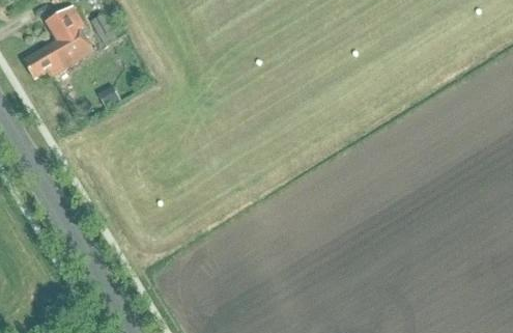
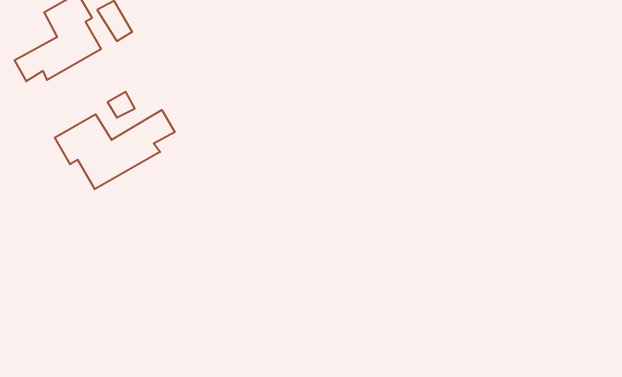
building: none -> [55,110,175,189]

